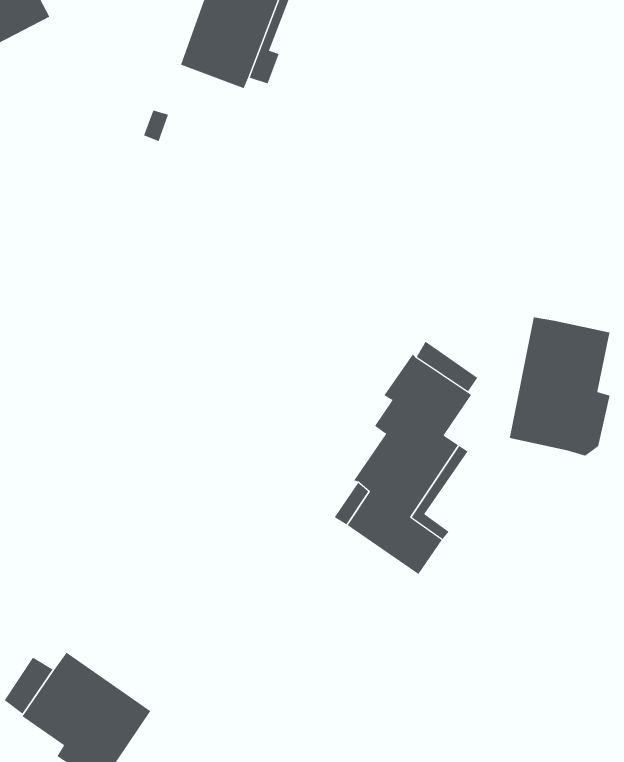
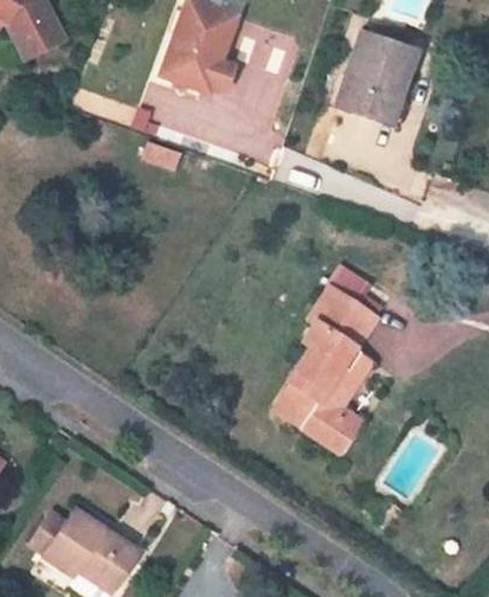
building: none -> [336,32,413,127]
building: [509,316,610,456] -> none

